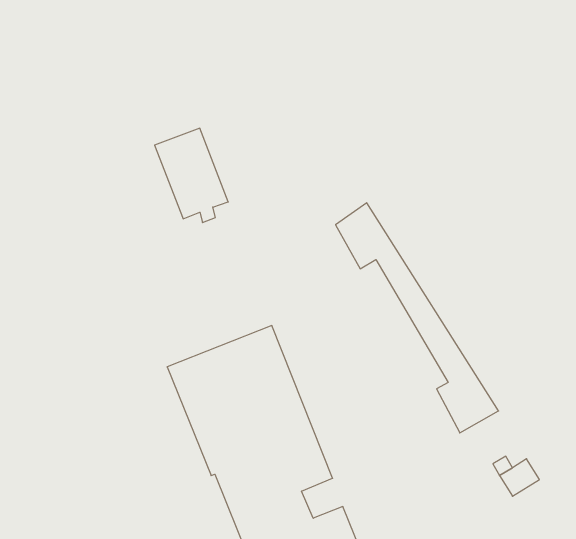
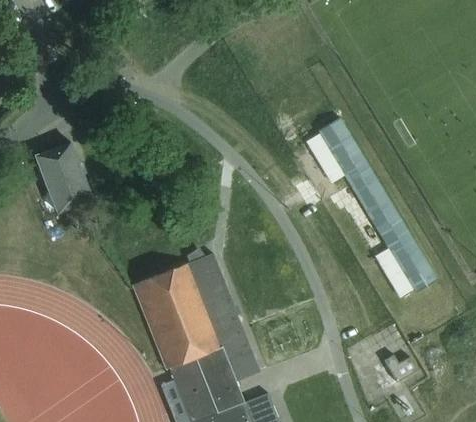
building: [155,128,228,223] -> [36,141,93,214]
building: [336,203,499,433] -> [303,115,429,293]

